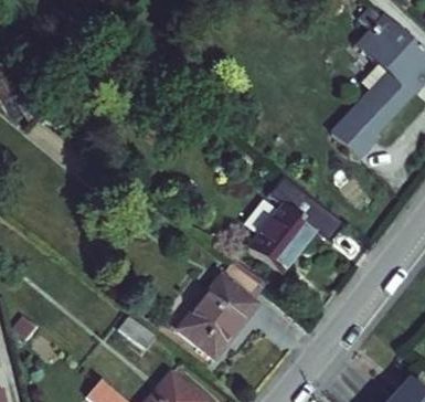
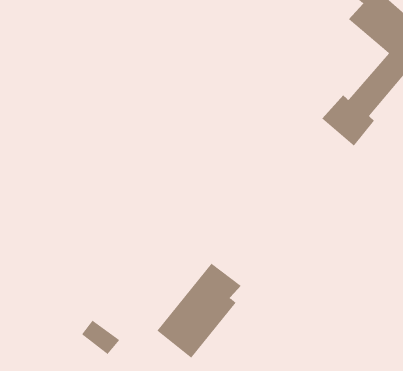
building: [247,183,343,273] -> none

